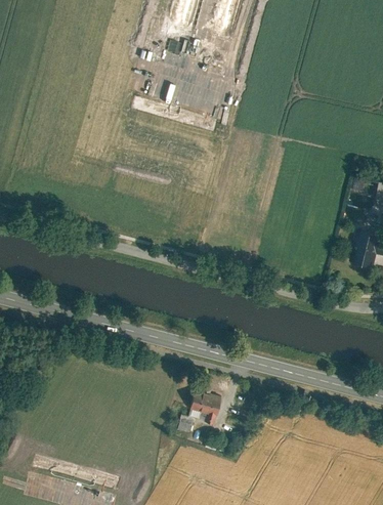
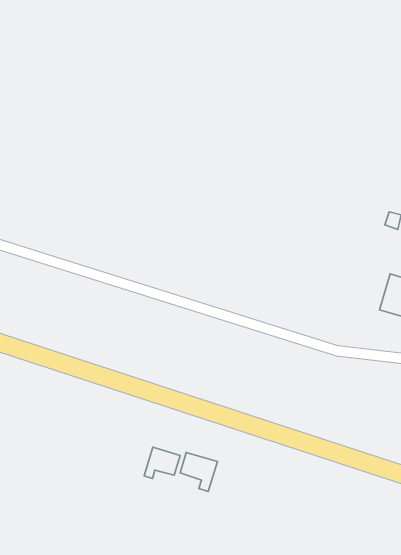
building: none -> [144,447,180,478]

